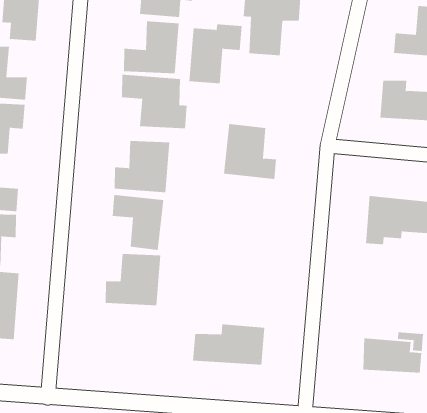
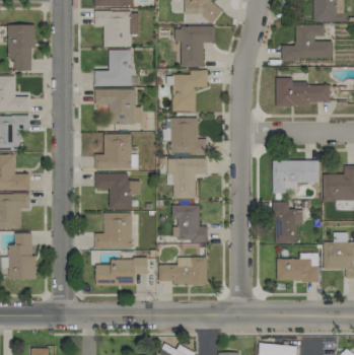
building: [188,24,243,84] -> [173,70,208,112]
building: none -> [167,157,208,199]
building: none -> [171,204,208,240]
building: none -> [274,201,303,243]
building: none -> [96,258,148,286]

